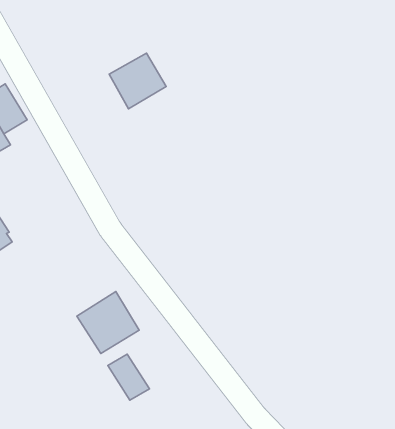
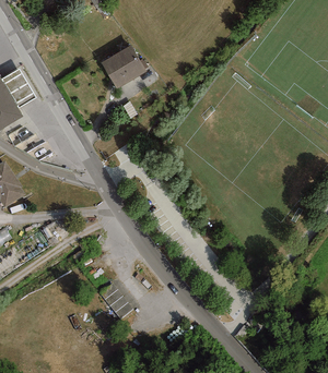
building: [77,291,139,354] -> none

